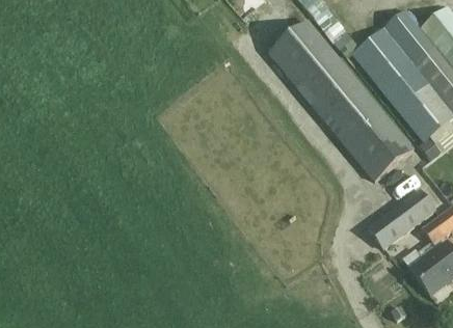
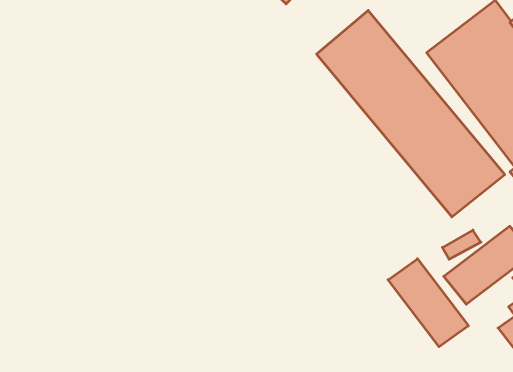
building: none -> [388,259,468,347]

